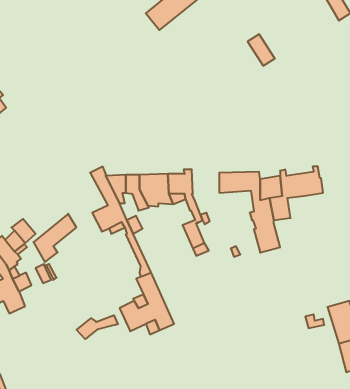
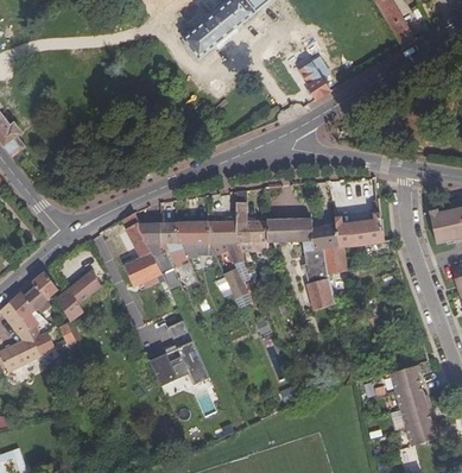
building: none -> [235,189,266,251]
building: [77,315,118,339] -> none

